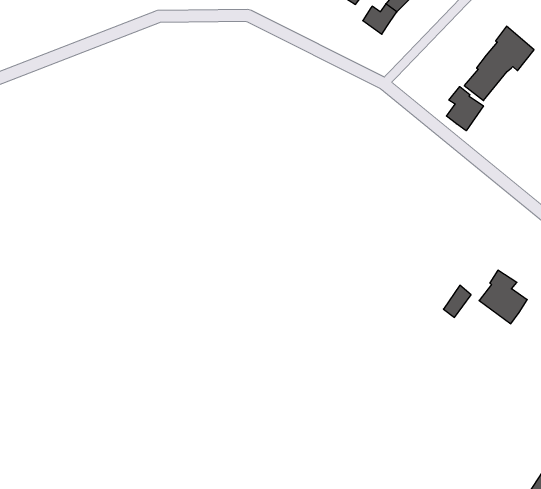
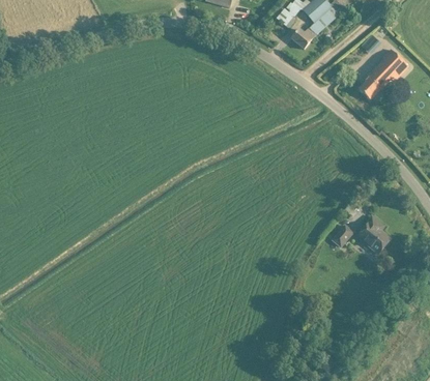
building: [446,87,483,131] -> none

